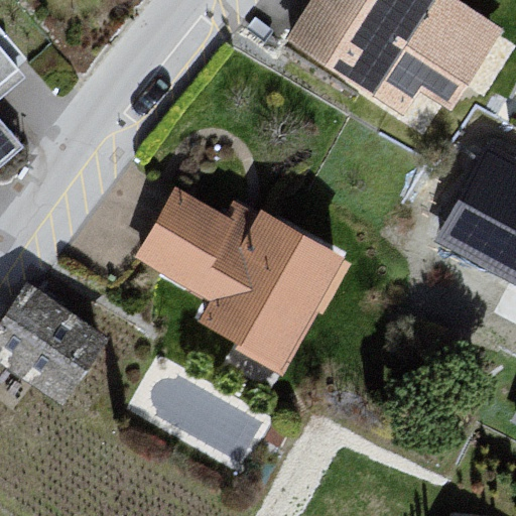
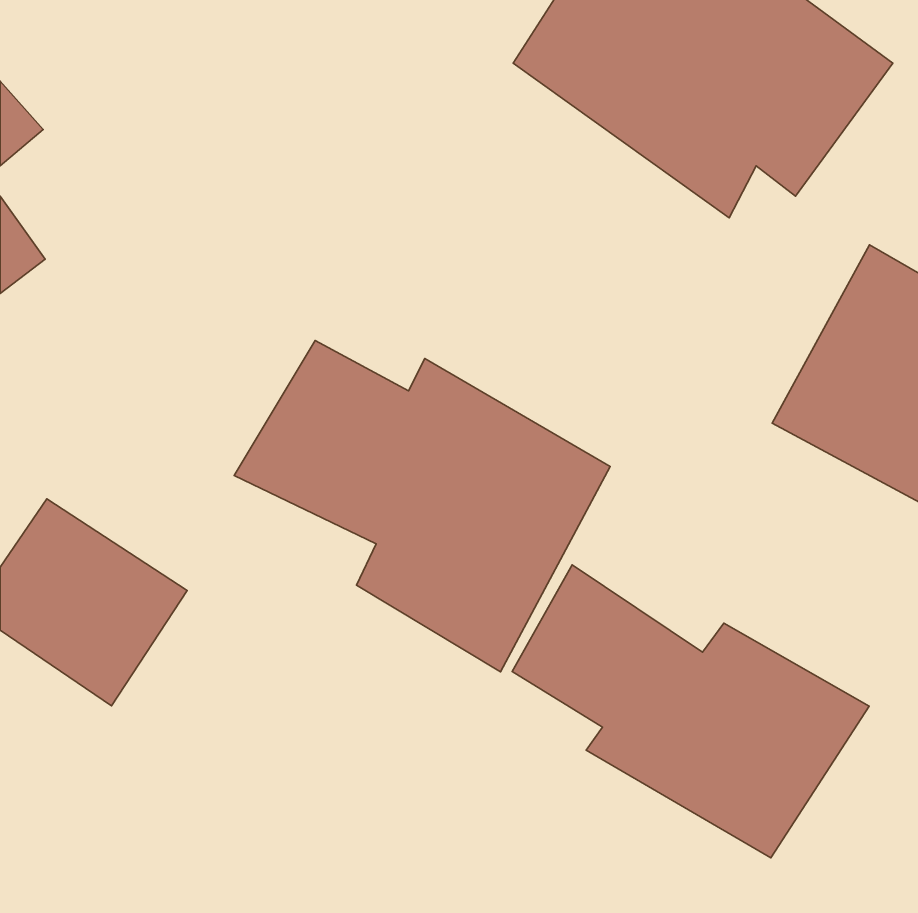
building: none -> [512,565,869,858]

